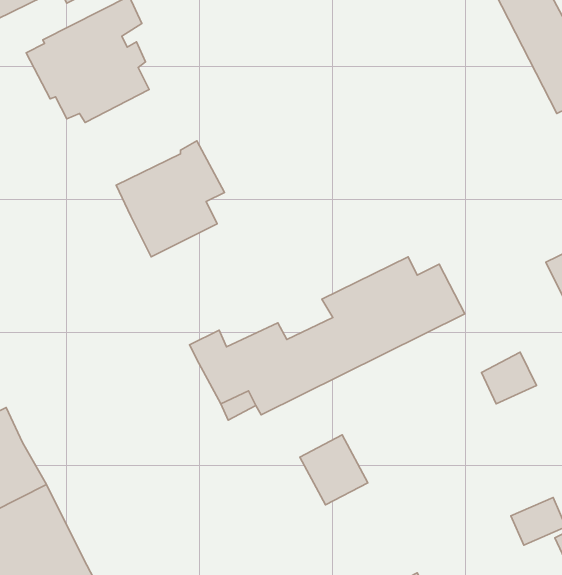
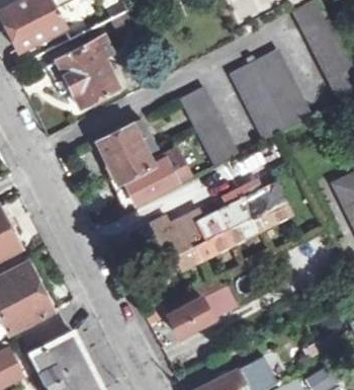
building: none -> [233,50,313,140]
building: none -> [180,86,239,165]
building: none -> [116,153,186,207]
building: none -> [145,287,212,334]

